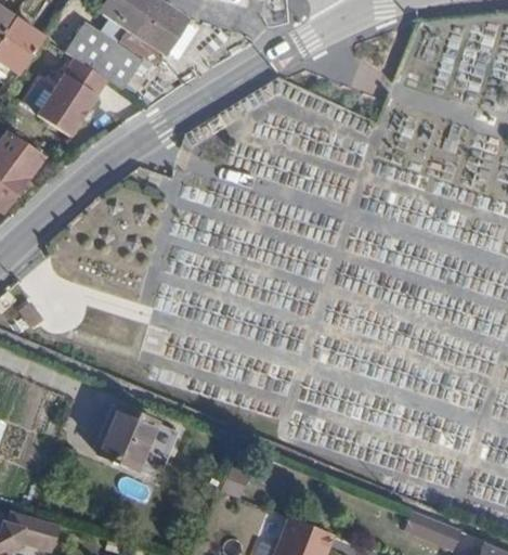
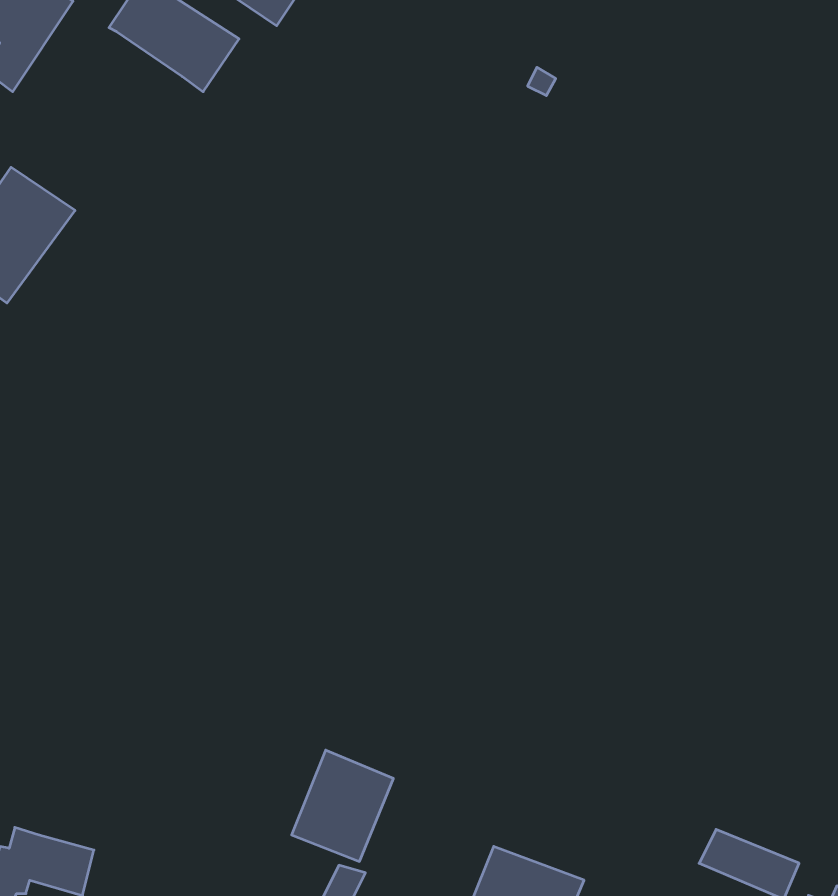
building: [34,53,108,137] -> none
building: [99,405,157,469] -> [292,750,393,861]

